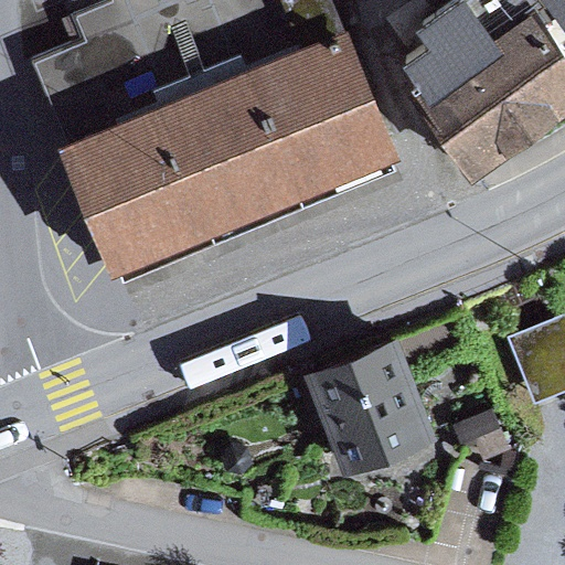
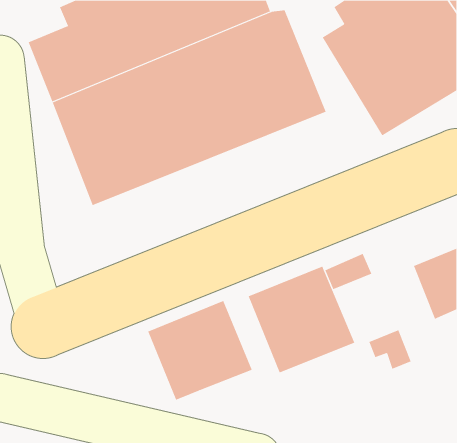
building: none -> [147,300,253,401]

